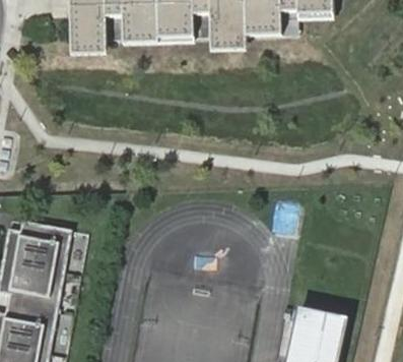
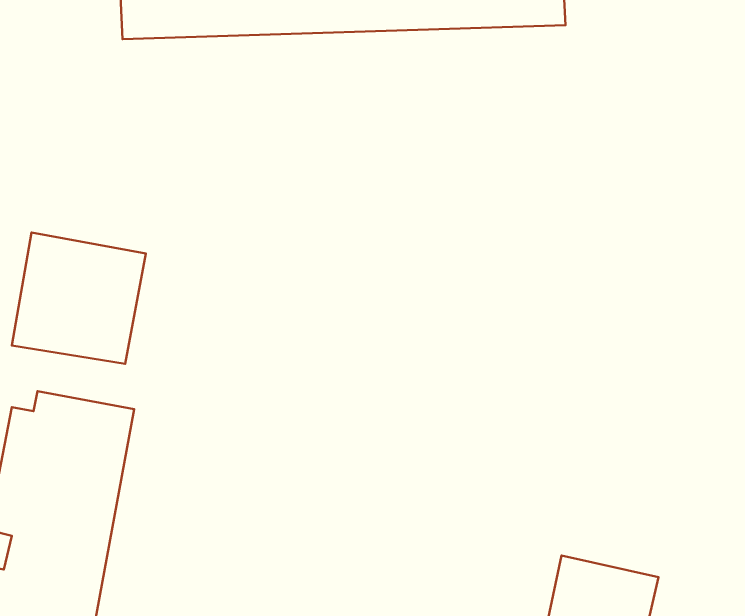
building: none -> [12,232,146,364]

